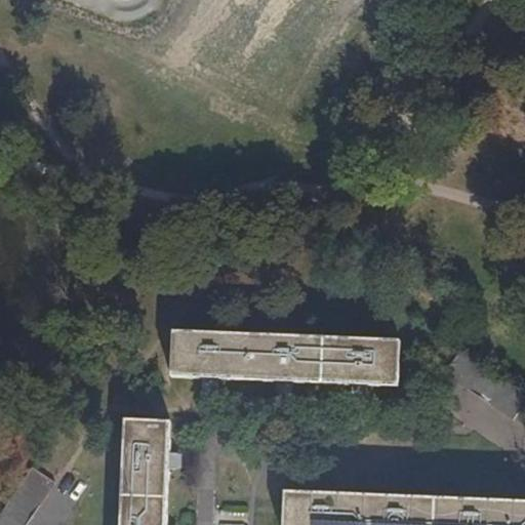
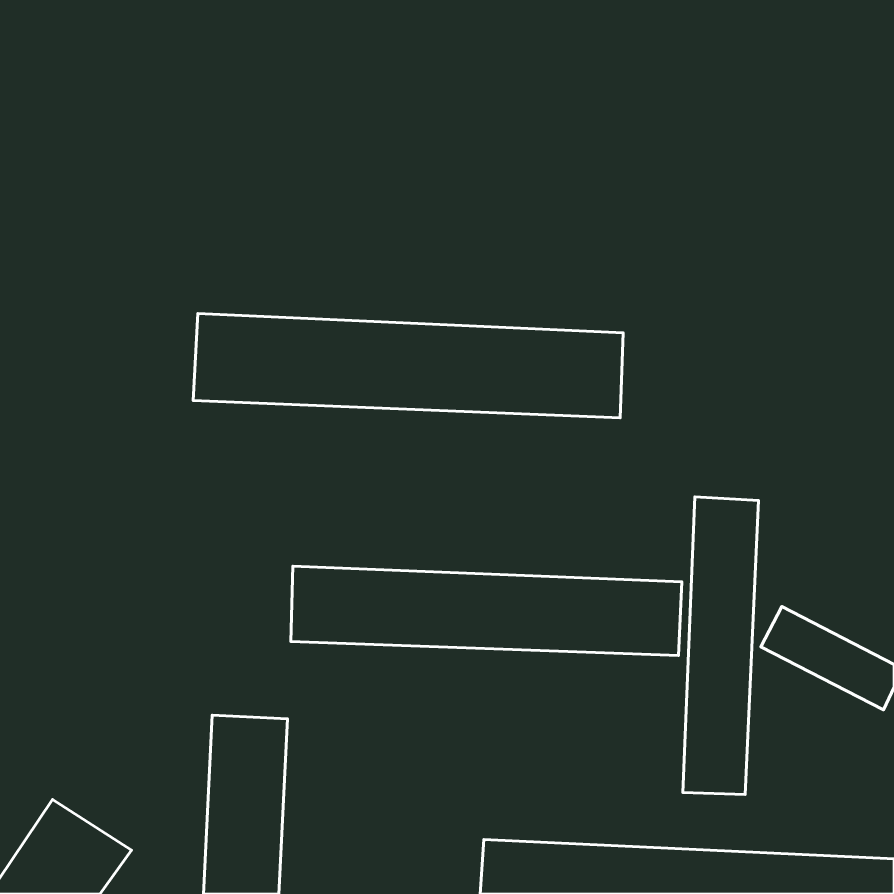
building: none -> [193,314,623,418]
building: none -> [683,497,758,795]

